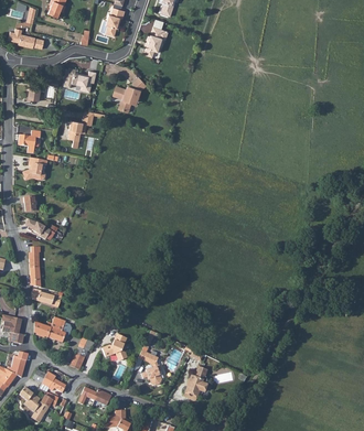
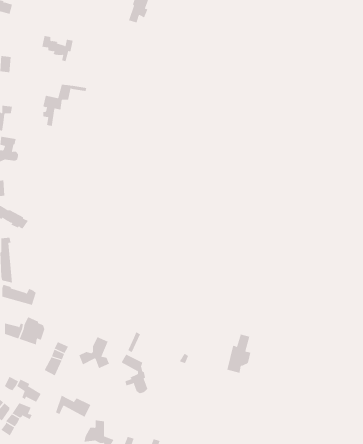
building: [114,77,147,111] -> none
building: [185,364,207,399] -> [226,334,251,374]

